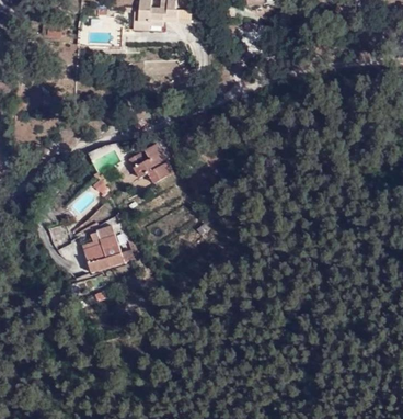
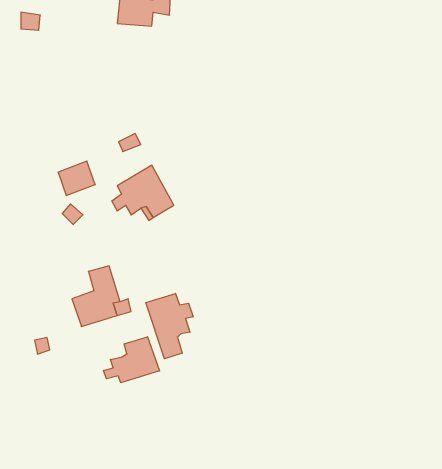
building: none -> [146,293,193,359]
building: none -> [104,337,160,383]

